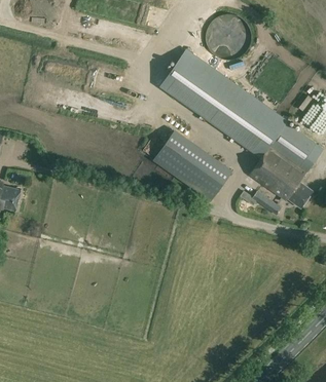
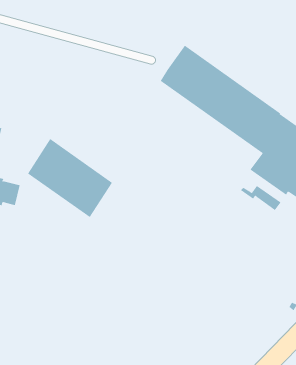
building: [206,14,251,60] -> none
building: [146,125,231,204] -> [27,138,113,218]

